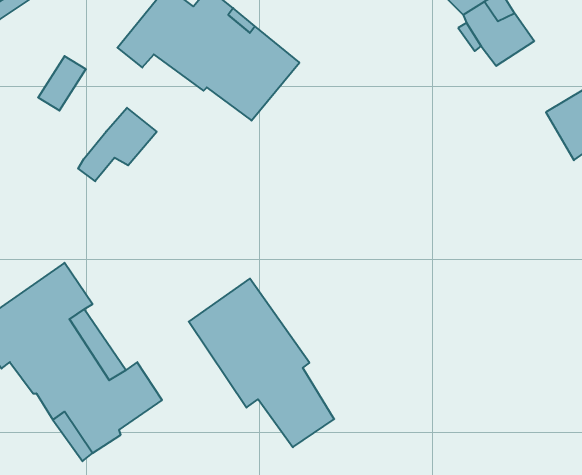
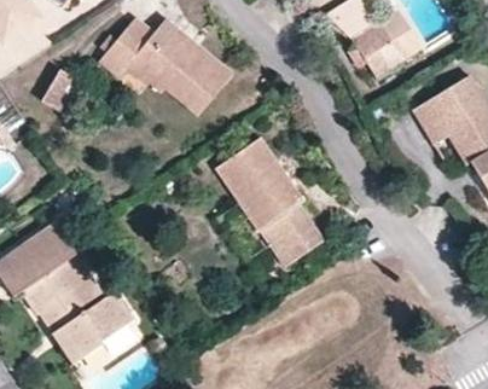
building: [78,108,157,181] -> none
building: [189,279,334,447] -> [216,138,323,261]

